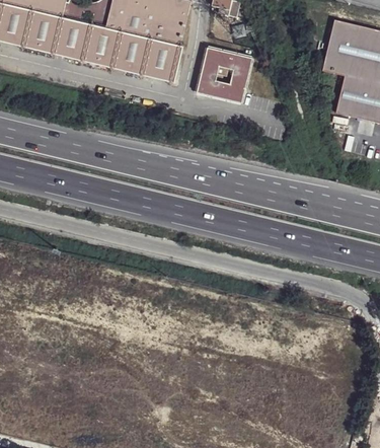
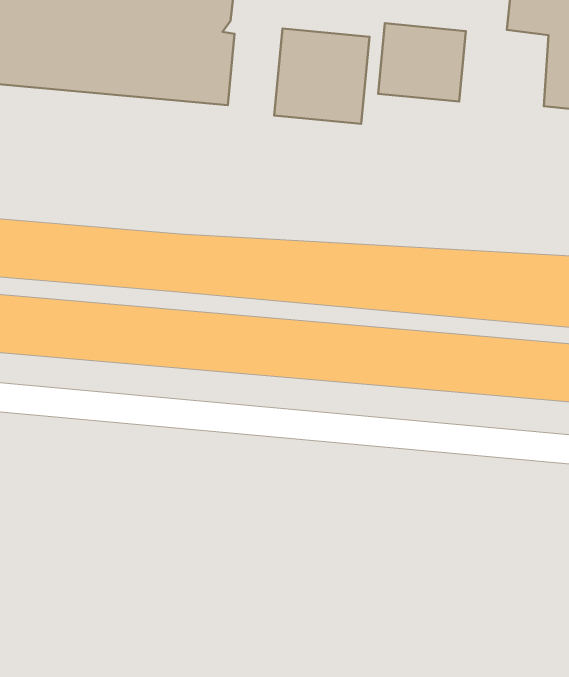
building: none -> [378,23,466,102]

